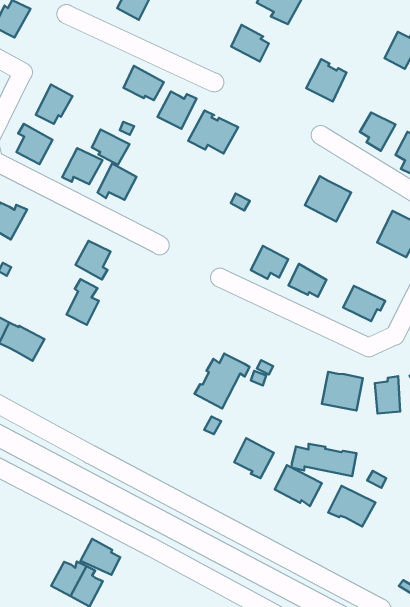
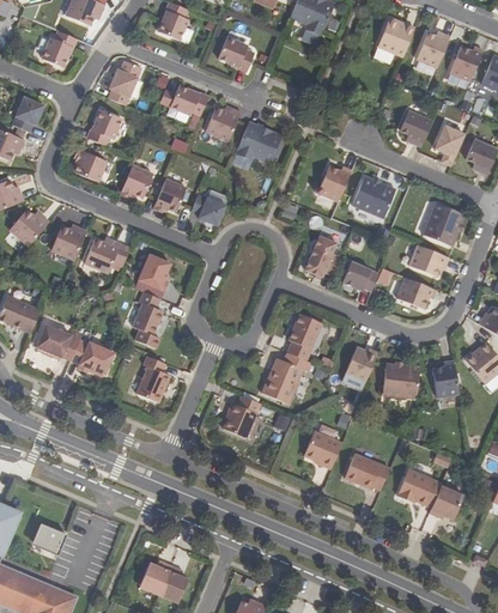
building: [231,25,269,61] -> [218,36,254,69]
building: none -> [108,59,141,104]
building: [306,59,346,102] -> [377,16,414,55]
building: [92,129,130,165] -> [190,193,226,225]
building: none -> [315,165,351,200]
building: none -> [85,237,130,272]
building: none -> [409,243,449,275]
building: none -> [289,312,322,359]
building: none -> [136,354,170,401]
building: none -> [345,346,377,381]
building: none -> [223,394,261,437]
building: [291,444,357,476] -> none
building: none -> [429,484,463,518]
building: [80,539,120,575] -> none

